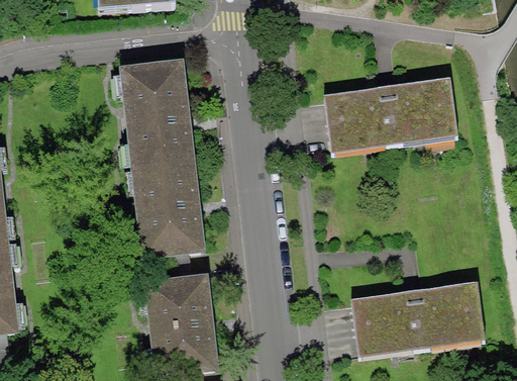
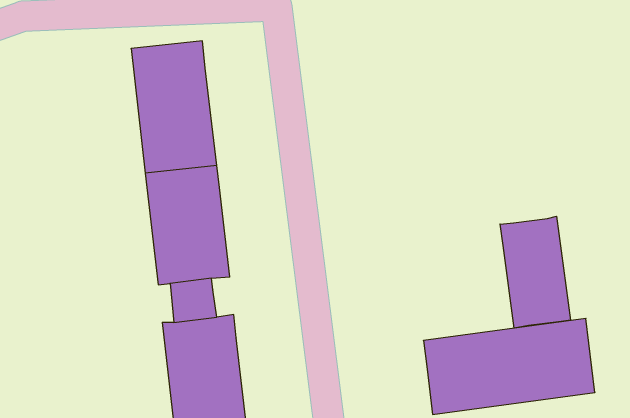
building: [324,78,458,153] -> none
building: none -> [500,216,571,328]

